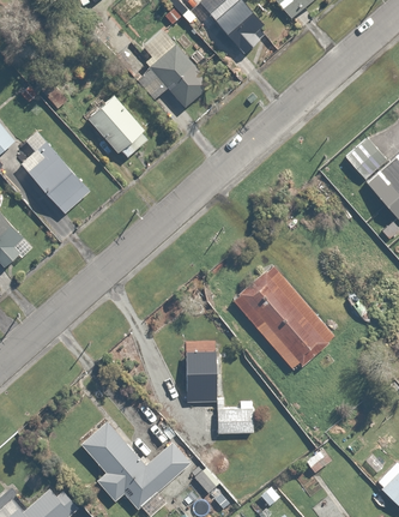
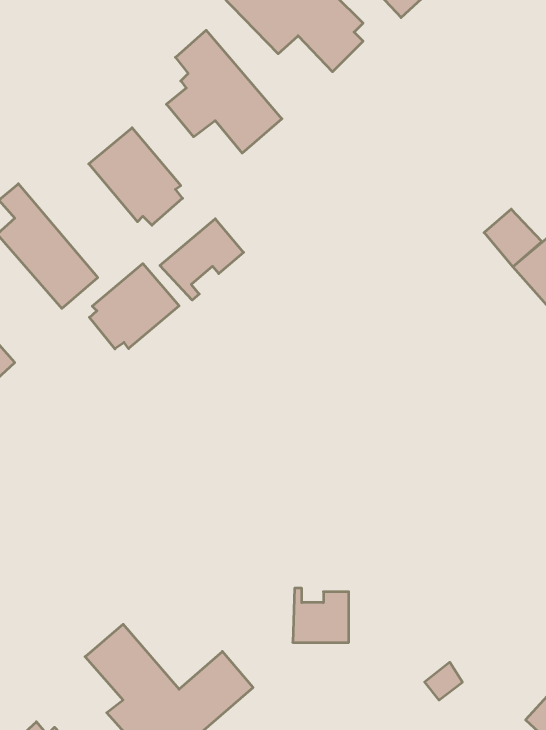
building: none -> [160,219,244,300]
building: none -> [89,264,179,349]
building: [232,265,335,372] -> none
building: [185,350,216,402] -> none

